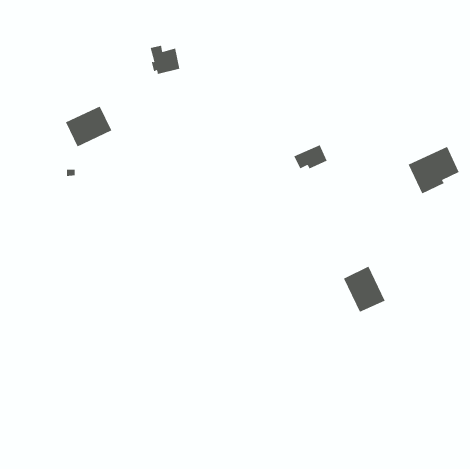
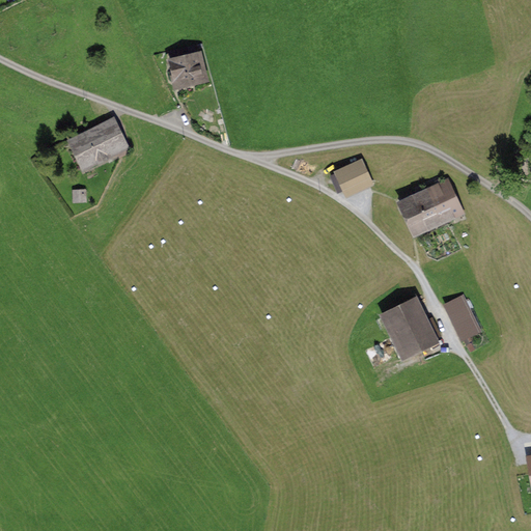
building: [408,146,459,194] -> [402,179,460,233]
building: none -> [446,296,479,337]

